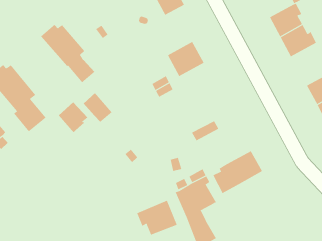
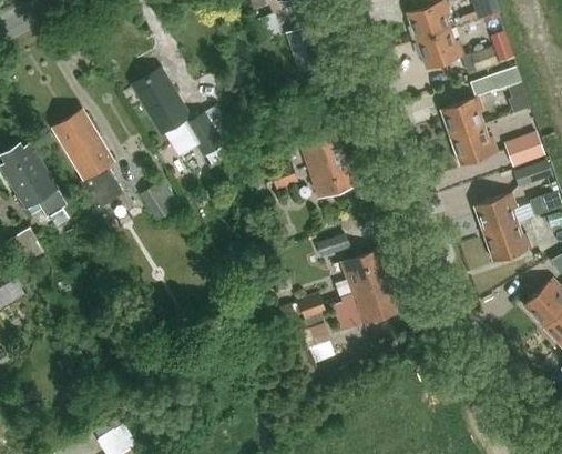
building: none -> [308,154,356,199]
building: [83,92,113,122] -> [186,112,224,153]
building: none -> [340,249,388,293]
building: [136,200,177,236] -> none

